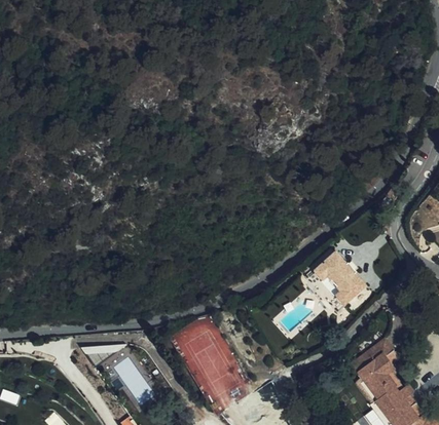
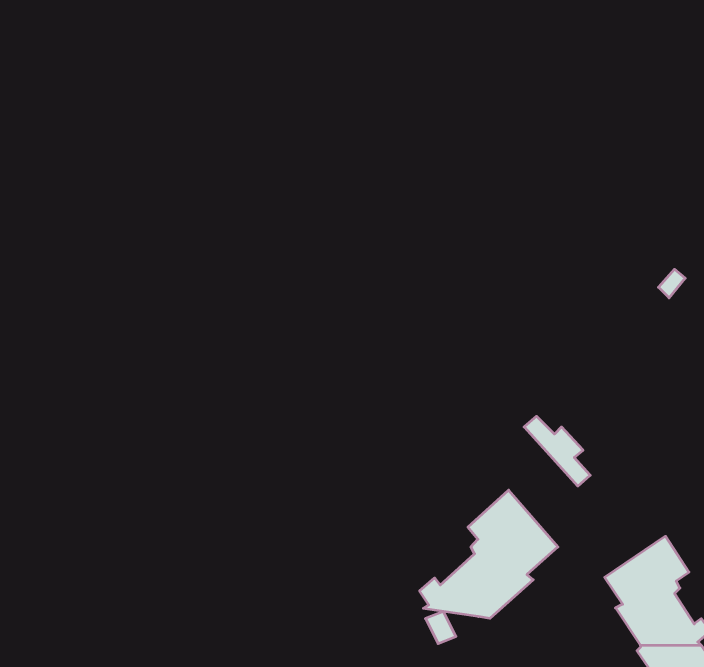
building: [315,253,367,306] -> none
building: none -> [420,490,558,618]

